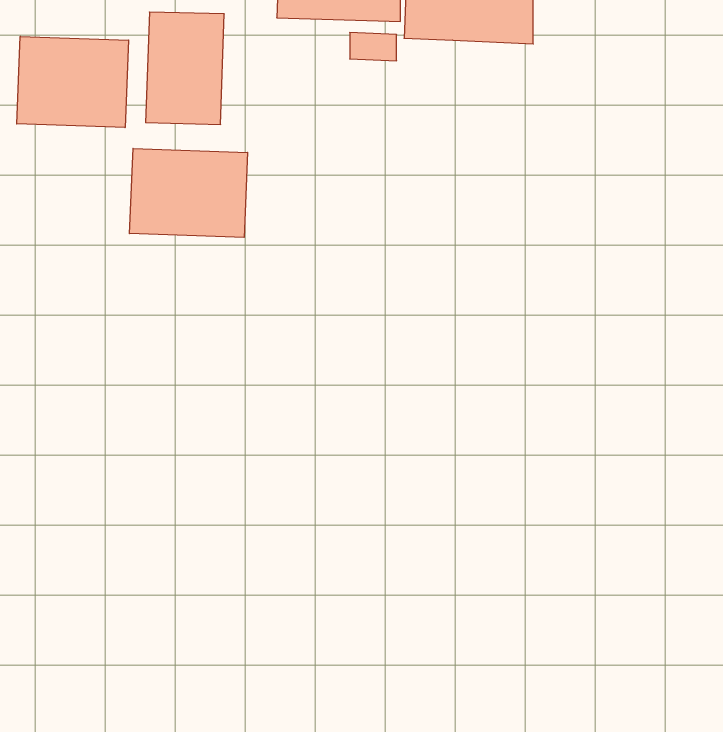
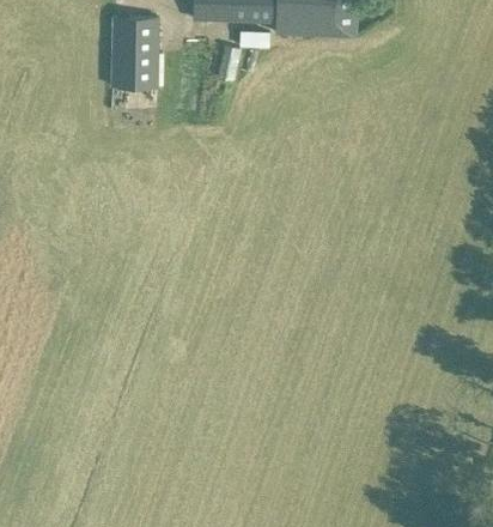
building: [17,36,129,128] -> none
building: [129,148,248,237] -> none

